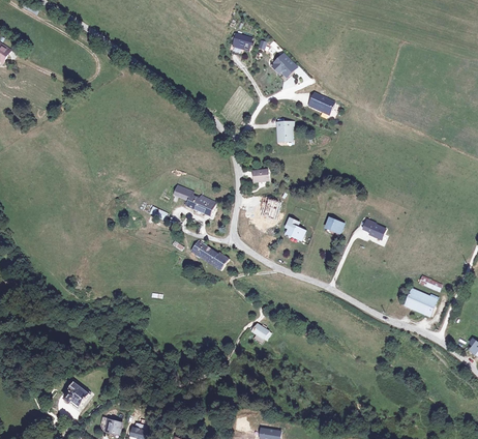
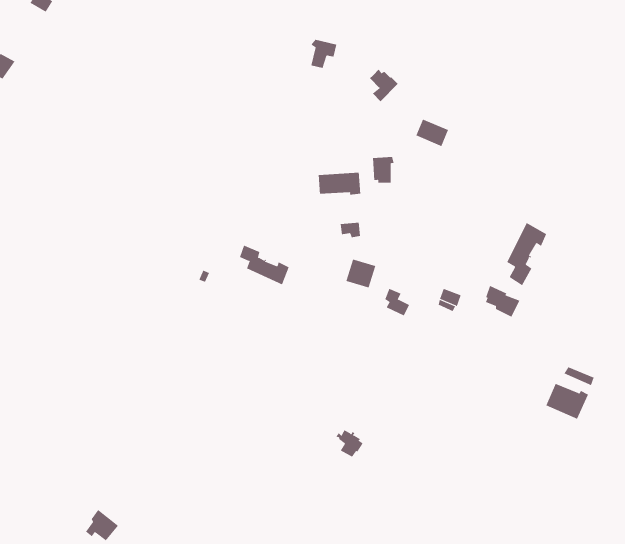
building: none -> [318,172,361,195]
building: none -> [506,222,547,286]
building: [191,240,230,270] -> none

